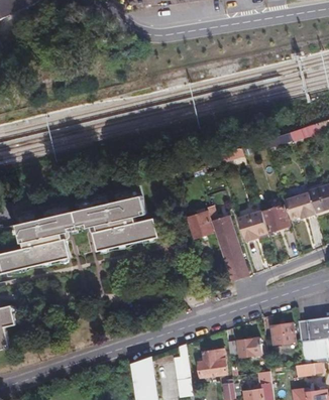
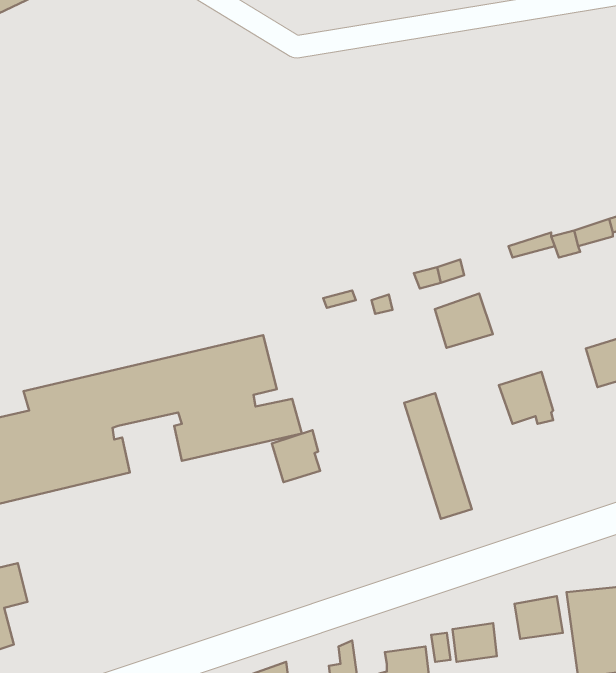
building: [285,192,314,219] -> none
building: [188,210,213,237] -> [272,430,320,482]
building: [238,211,268,239] -> [435,294,493,348]

